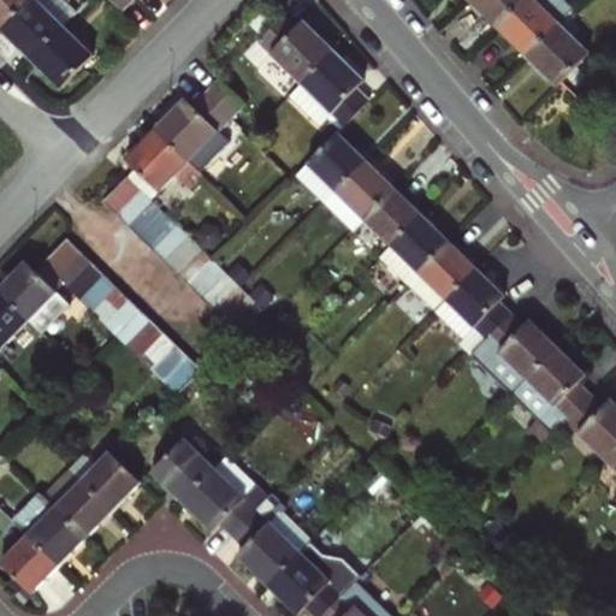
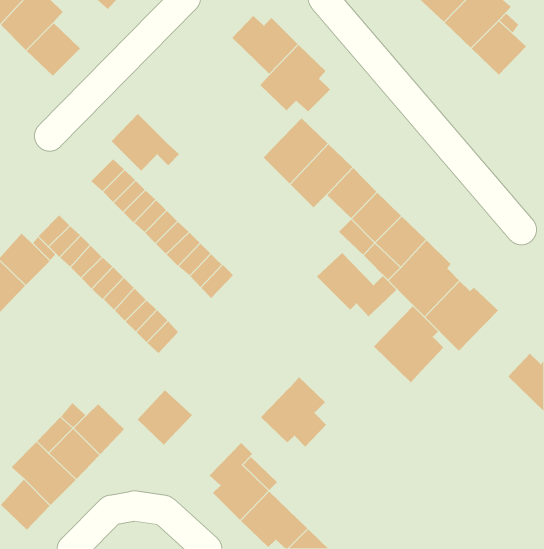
building: [154,94,229,160] -> none
building: none -> [316,252,397,317]
building: [513,346,592,433] -> [373,306,444,383]
building: [183,451,257,531] -> [260,376,327,447]

